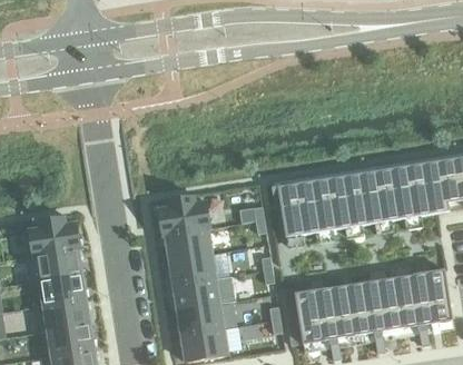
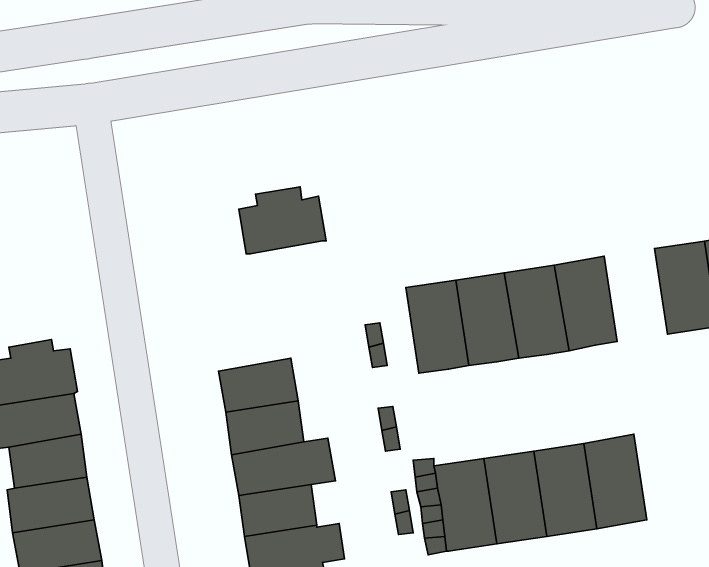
building: [396,161,434,217] -> none
building: [158,195,210,235] -> [239,187,326,254]
building: [414,268,452,324] -> none

